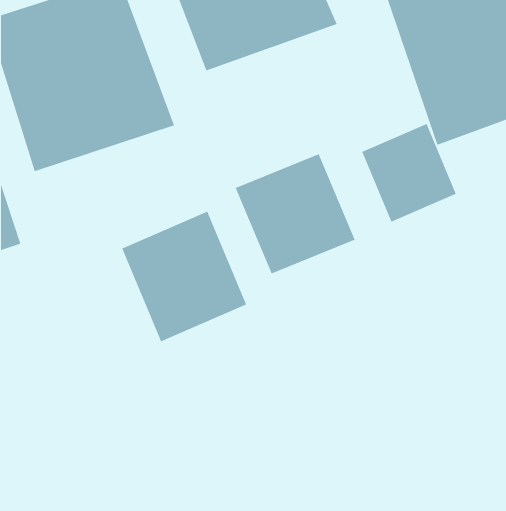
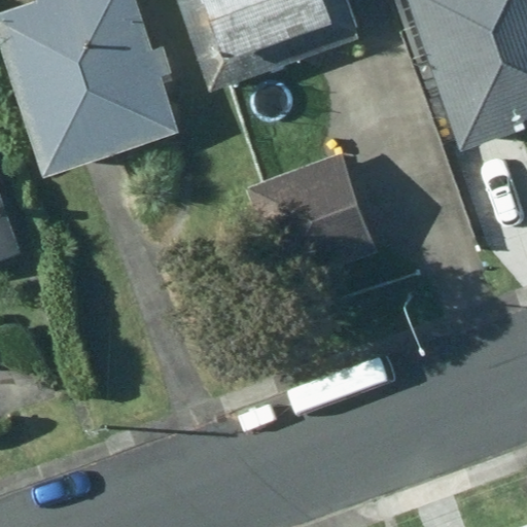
building: [362,123,457,223] -> none
building: [121,211,247,342] -> none

